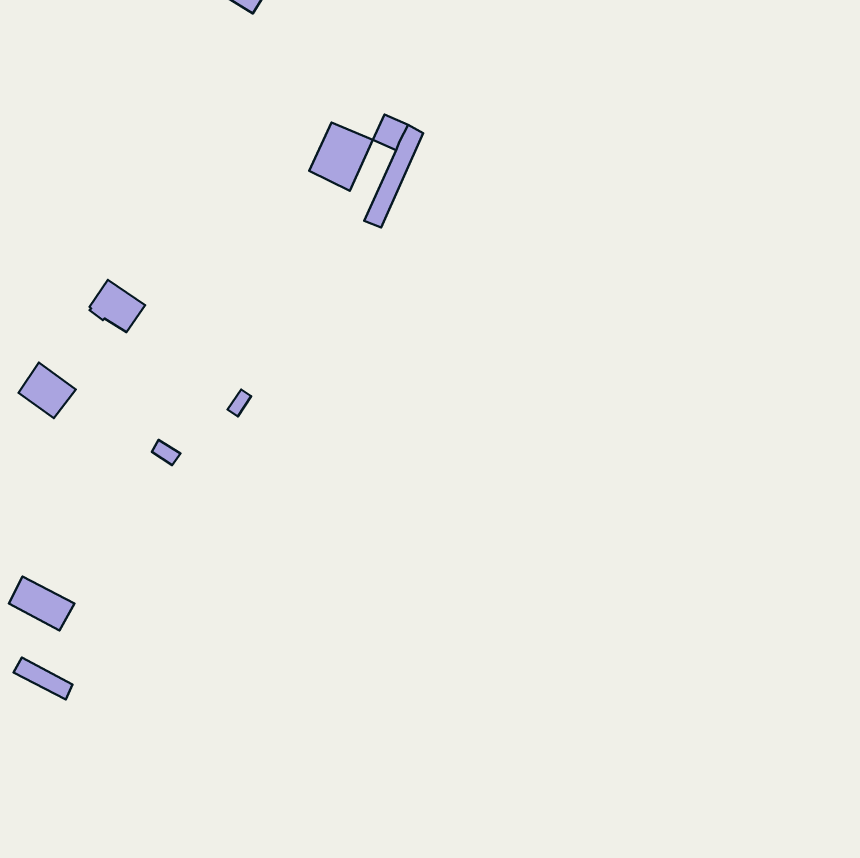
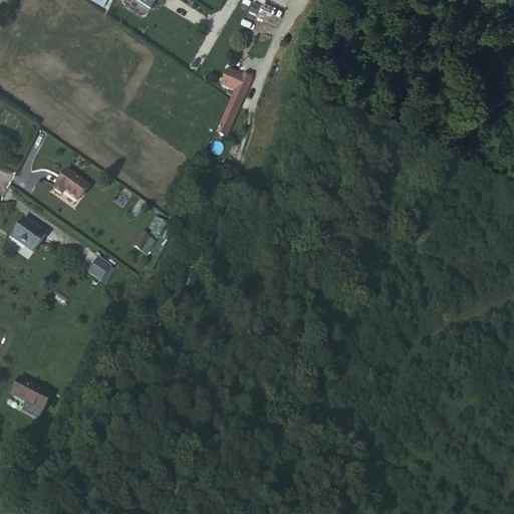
building: [309,123,373,191] -> none
building: [9,577,75,631] -> [13,375,52,408]

